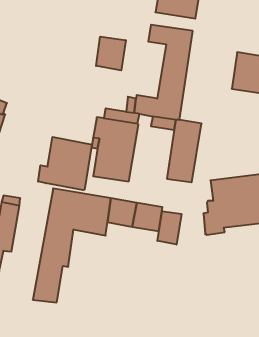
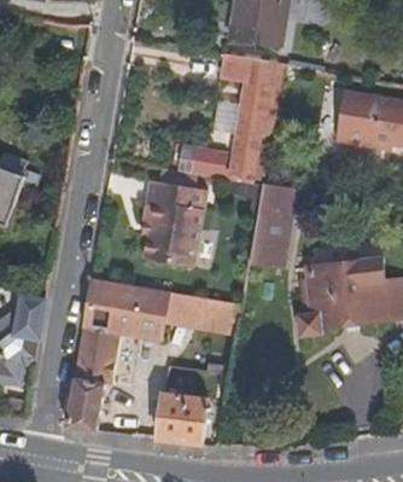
building: [96,37,126,70] -> none
building: [38,137,92,190] -> none
building: [157,211,181,245] -> none
building: none -> [154,389,208,445]

